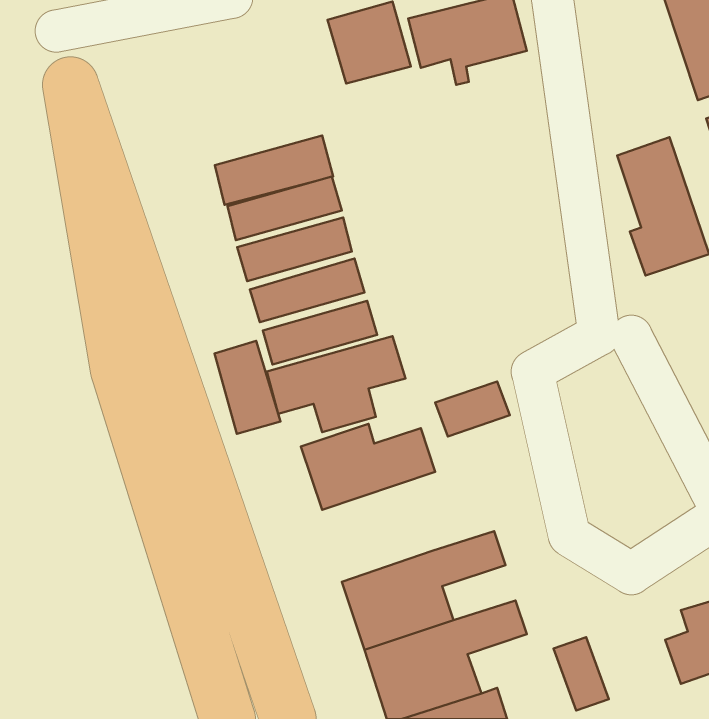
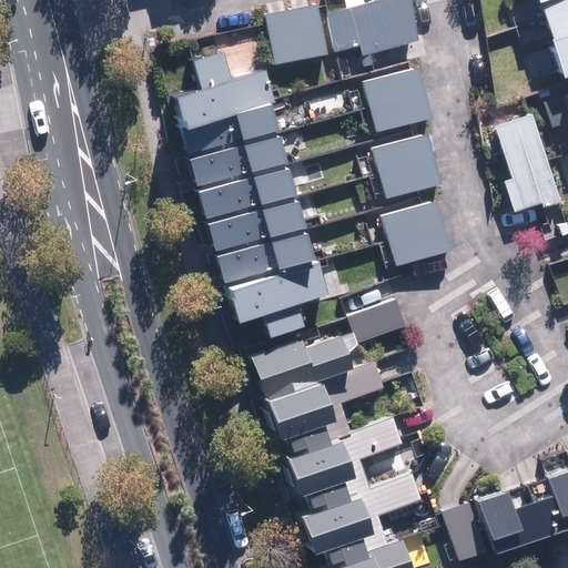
building: none -> [170,58,273,130]
building: none -> [367,67,433,131]
building: none -> [376,133,442,197]
building: none -> [386,199,450,263]
building: [214,341,281,434] -> none
building: none -> [260,362,388,457]
building: none -> [475,489,545,554]

